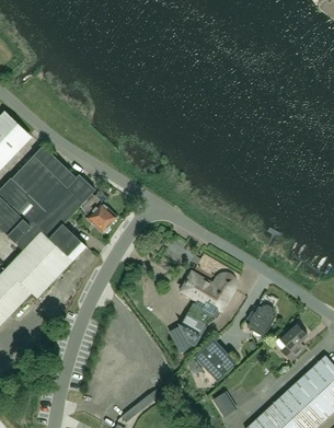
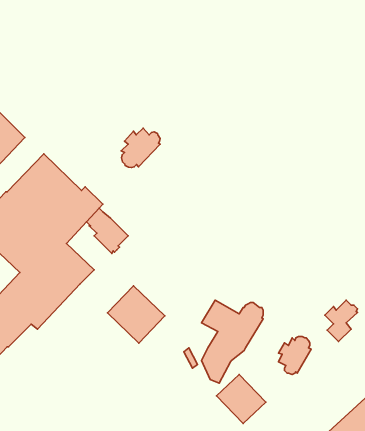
building: none -> [121,128,160,168]
building: none -> [108,286,165,343]
building: [279,324,308,360] -> [325,300,358,342]

